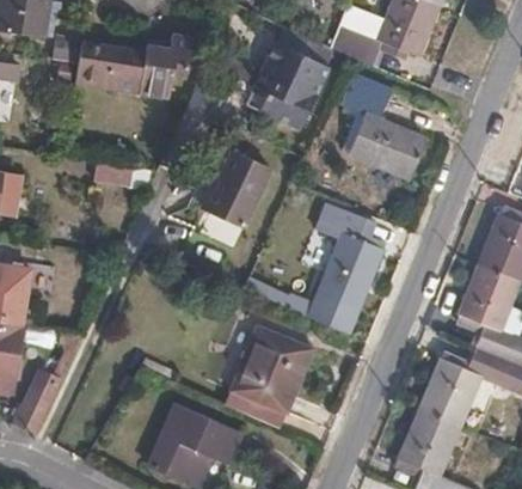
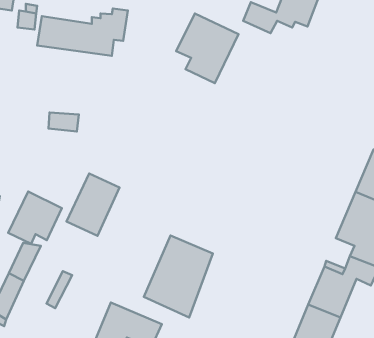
building: [345,72,425,178] -> none
building: [202,146,269,225] -> [66,173,119,236]
building: [297,206,381,332] -> none
building: none -> [8,192,62,244]

